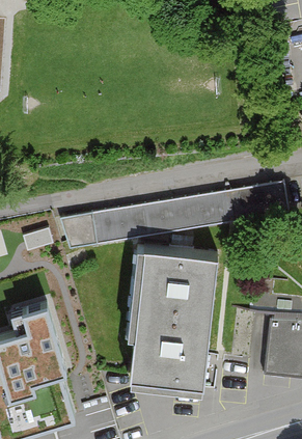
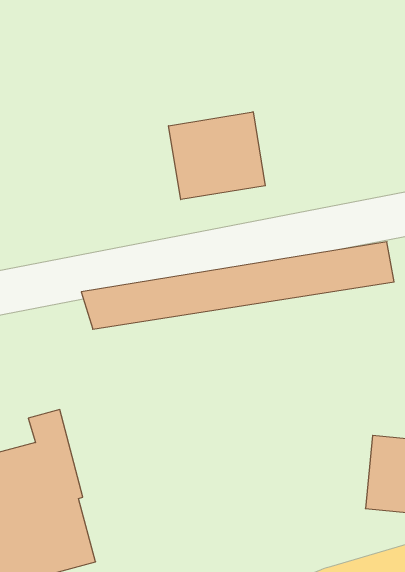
building: none -> [169,112,265,200]
building: [130,247,214,380] -> none

